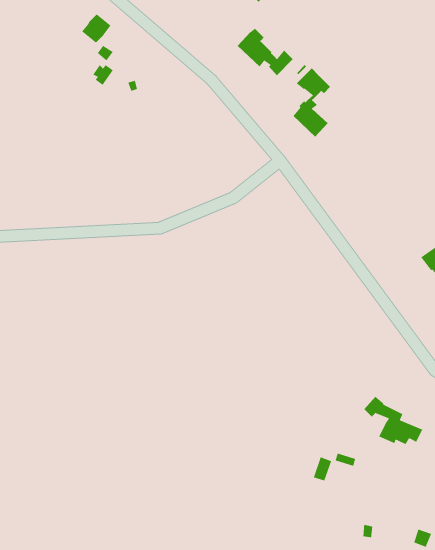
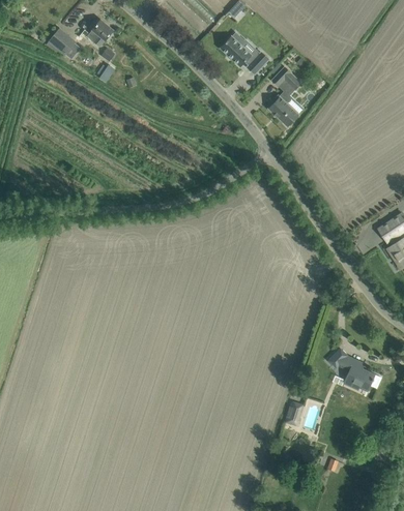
building: none -> [48,28,75,58]

